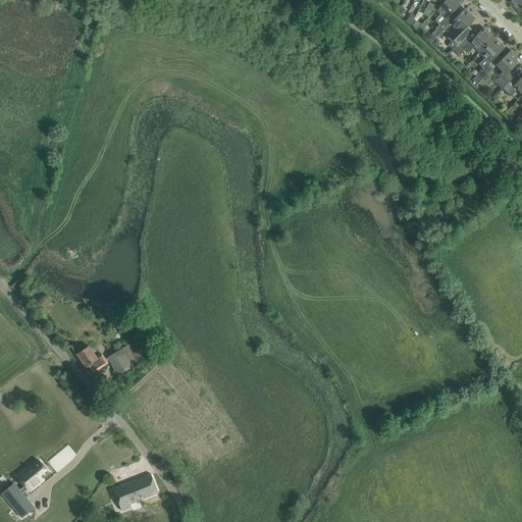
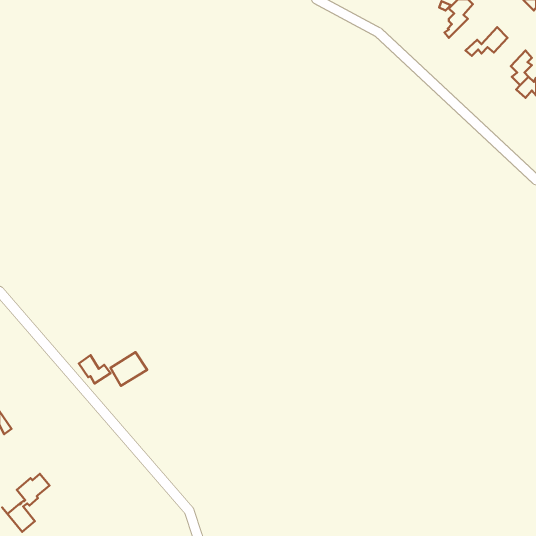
building: [447,8,474,49] -> none
building: [476,37,504,77] -> none
building: [112,473,157,510] -> none

